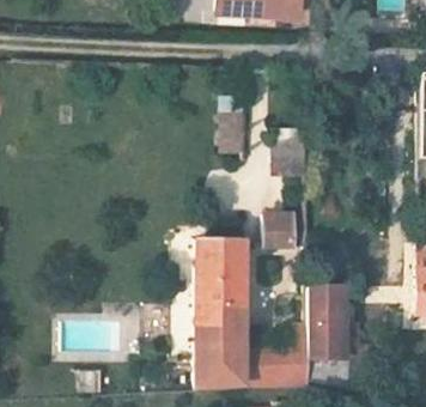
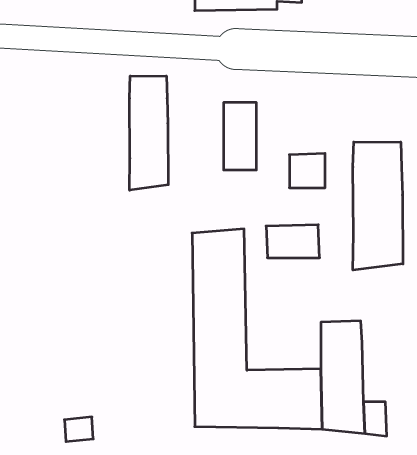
building: none -> [130,76,168,190]
building: none -> [353,142,403,270]

